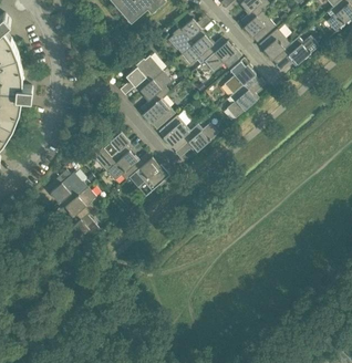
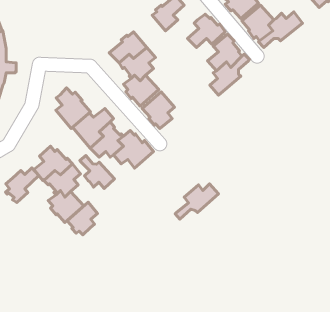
building: [182,30,215,65] -> none
building: none -> [56,88,90,128]
building: [175,124,218,159] -> [175,184,218,219]
building: none -> [80,156,115,189]
building: none -> [6,168,39,203]
building: none -> [67,202,98,235]

